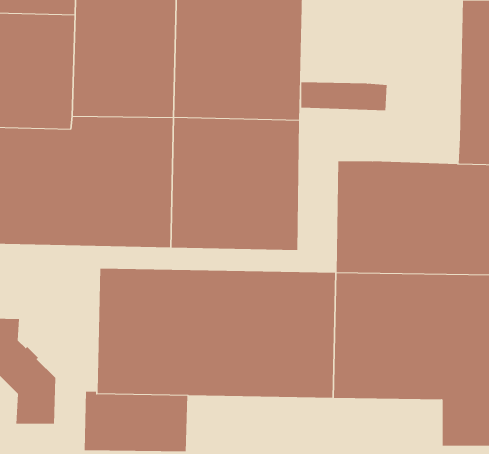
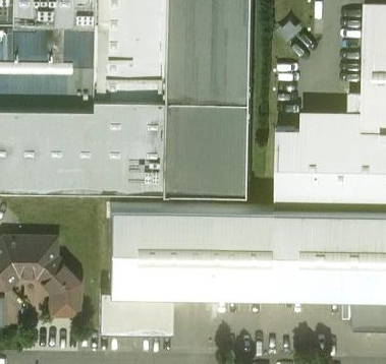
building: [301,82,388,111] -> [301,114,363,134]

